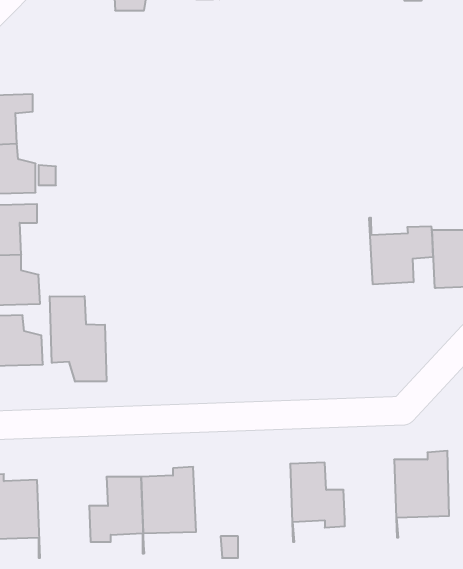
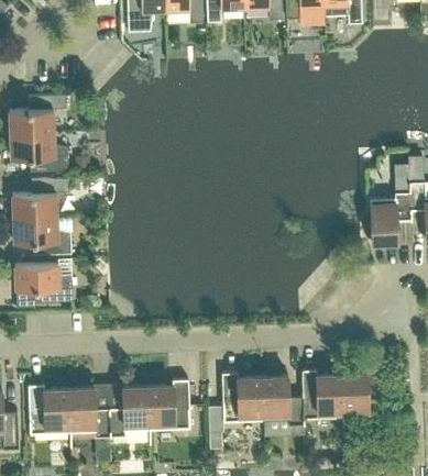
building: [369,218,433,284] -> none
building: [50,296,106,382] -> none
building: none -> [300,370,342,433]
building: none -> [221,373,263,436]
building: none -> [68,388,109,449]

